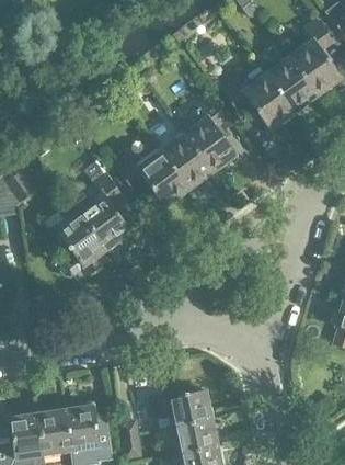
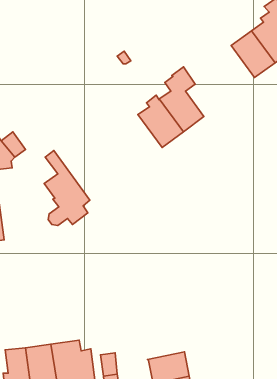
building: [221,73,291,127] -> none
building: [116,151,187,205] -> none
building: [66,163,129,248] -> none
building: [151,390,212,431] -> none

